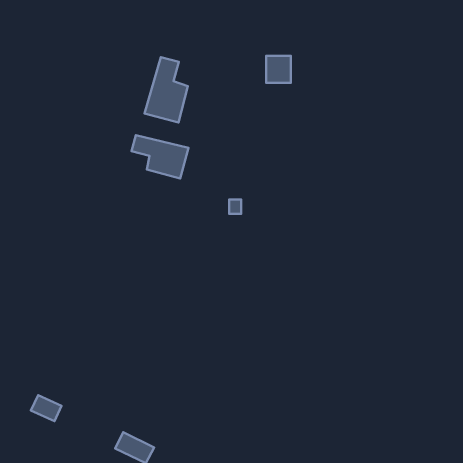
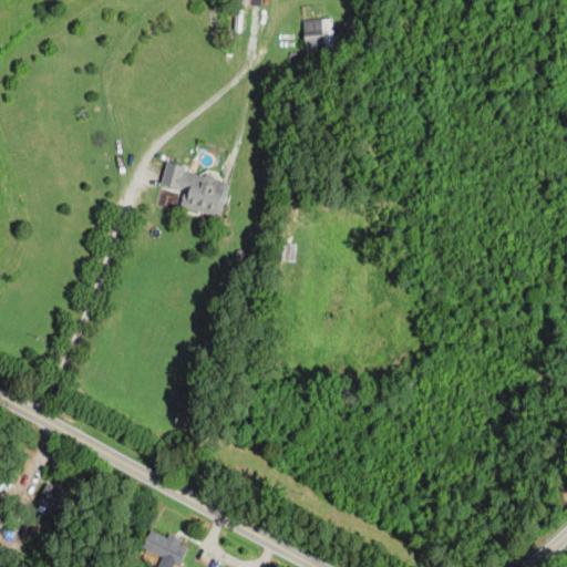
building: [266,56,291,83] -> [303,19,333,52]
building: [145,57,188,122] -> none

